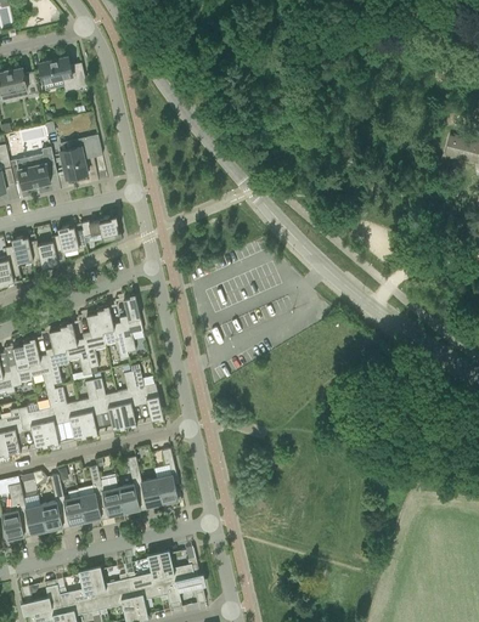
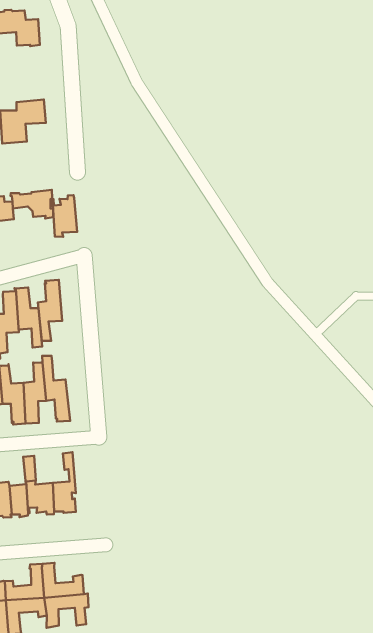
building: none -> [53,195,77,237]

